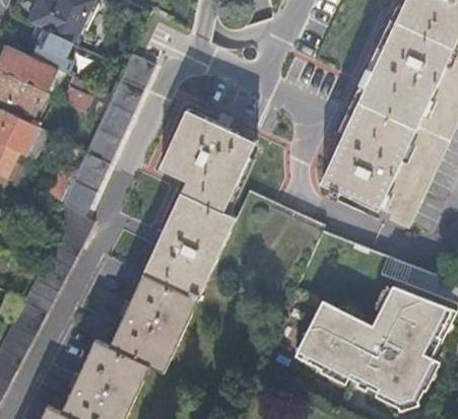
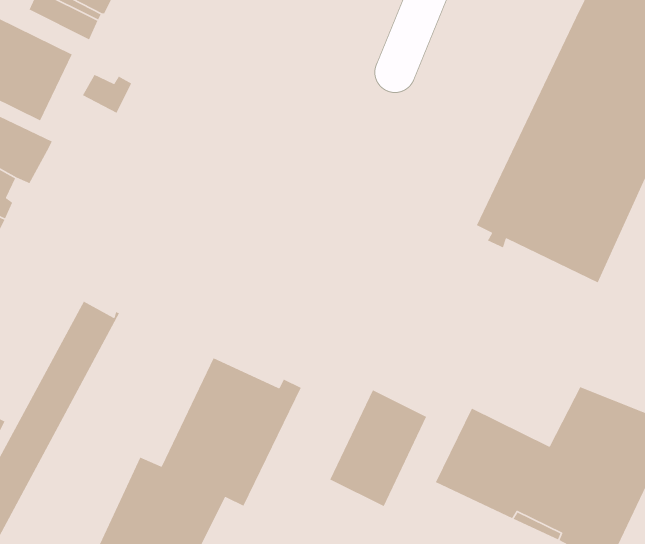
building: [60,52,155,242] -> none
building: [146,110,256,289] -> none
building: none -> [329,389,427,507]

